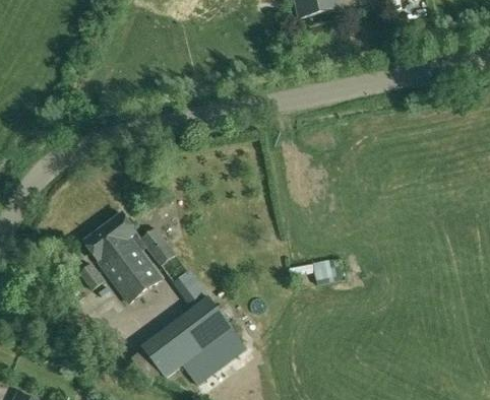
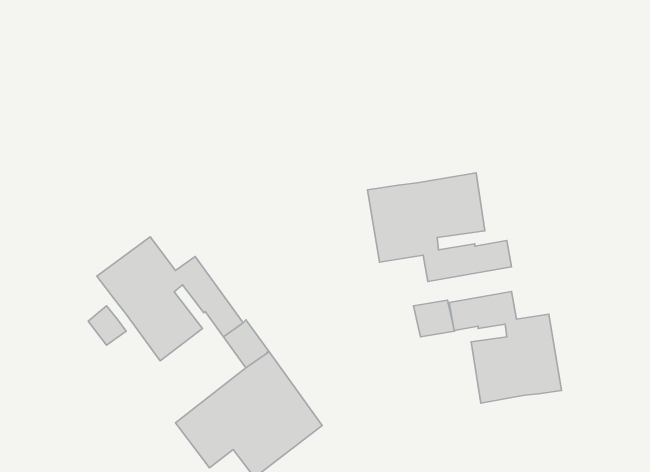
building: none -> [367,173,512,282]
building: none -> [449,291,562,403]

